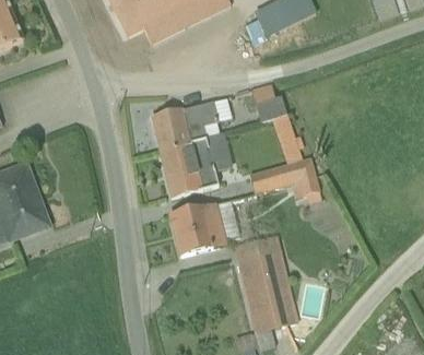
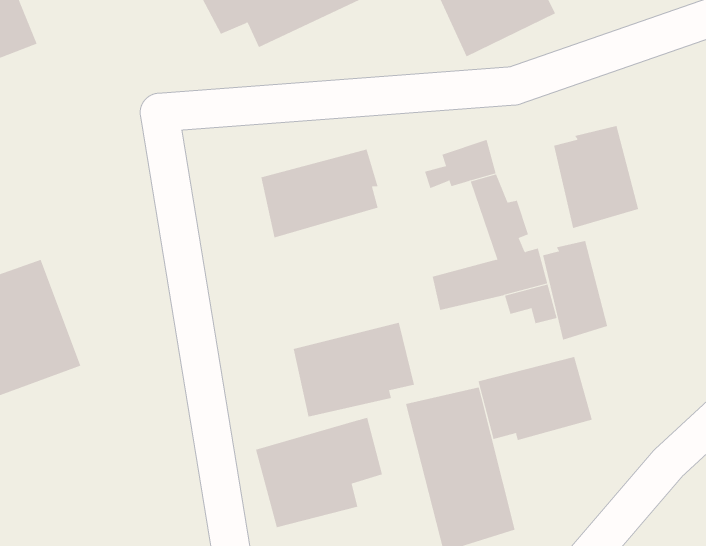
building: none -> [554,125,639,229]
building: [160,133,233,197] -> [255,417,383,528]
building: none -> [542,240,608,341]
building: none -> [478,356,593,441]

